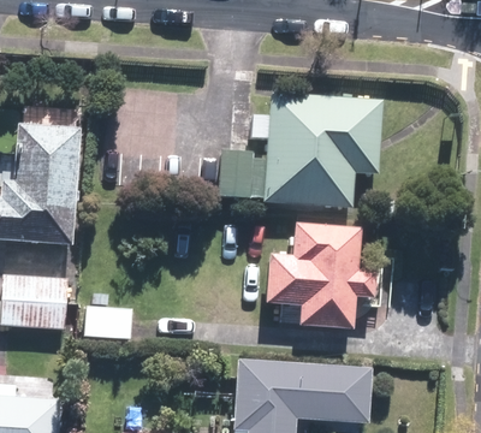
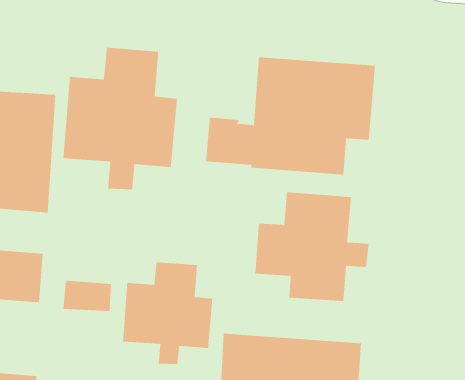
building: none -> [63,47,177,190]
building: none -> [122,261,213,365]

